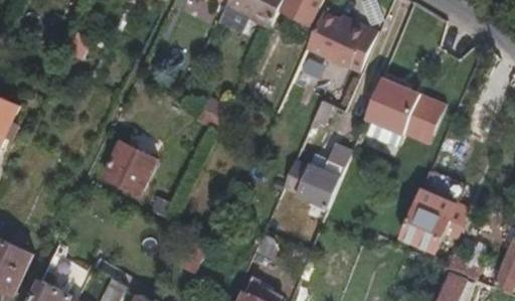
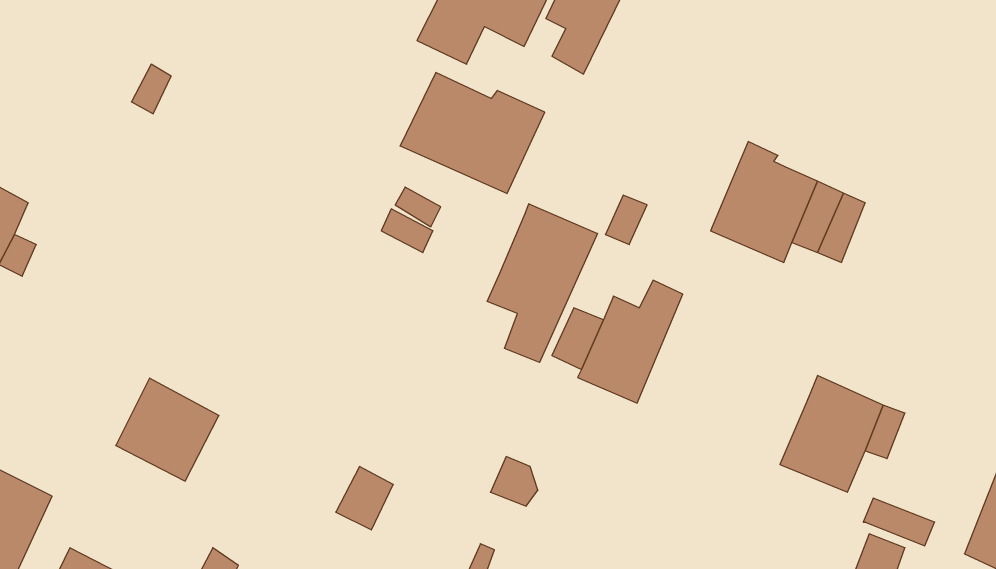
building: [306,11,379,72] -> [400,73,545,194]
building: none -> [487,204,597,362]
building: [107,141,159,193] -> [116,378,219,481]

